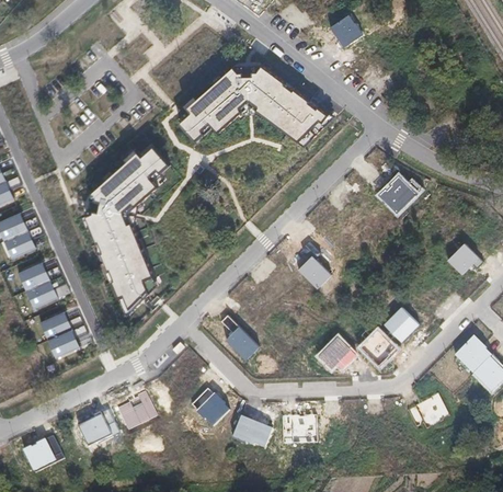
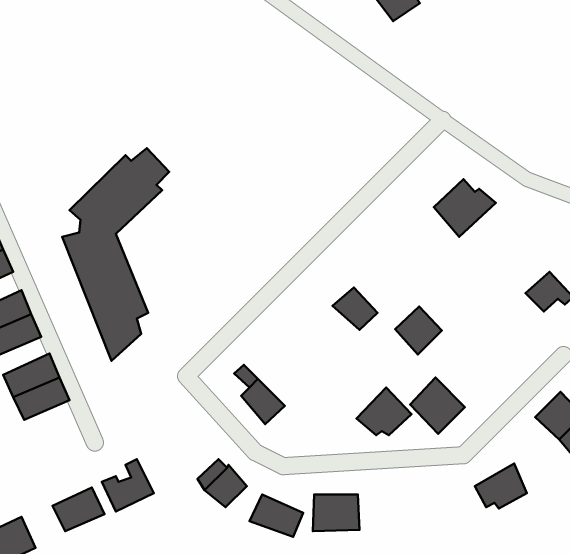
building: [180,66,328,144] -> none
building: [382,305,419,342] -> [395,307,442,354]

